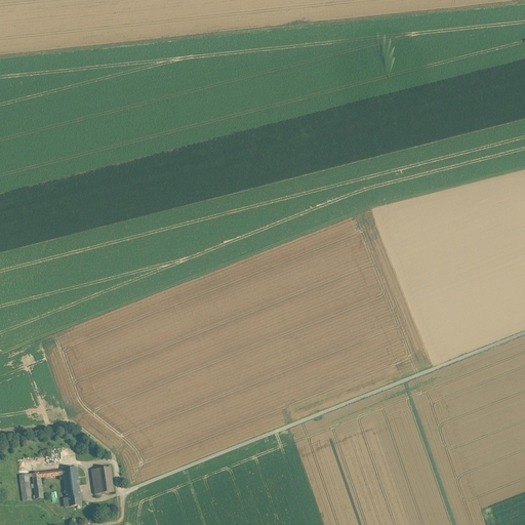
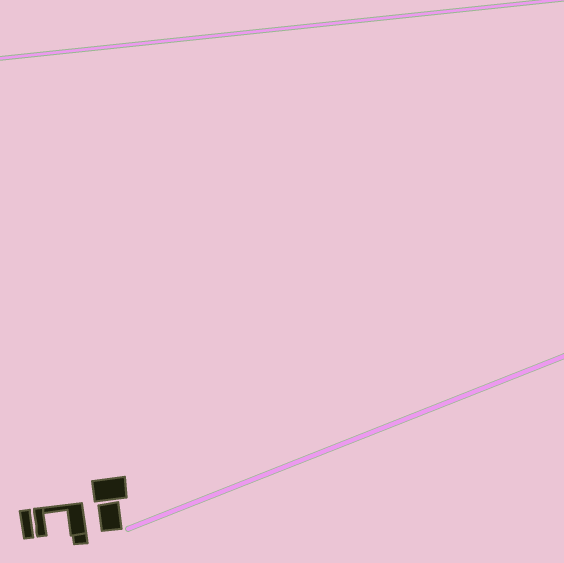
building: none -> [92,477,126,501]

